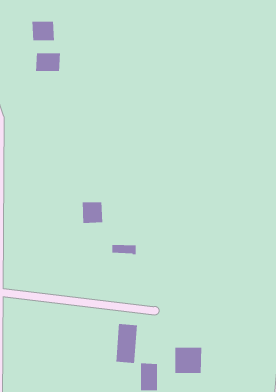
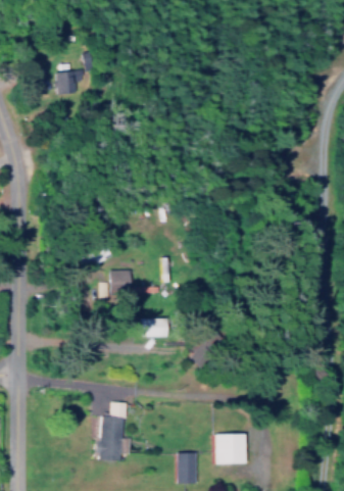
building: [35,53,61,72] -> none
building: [115,323,138,364] -> [96,413,120,458]

